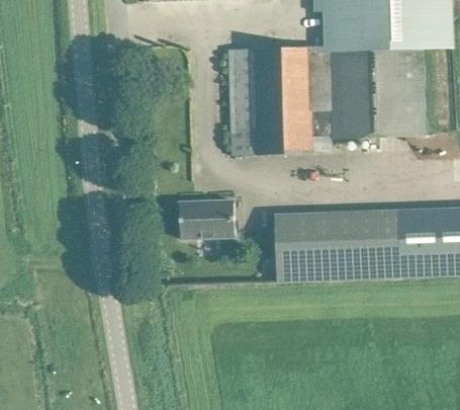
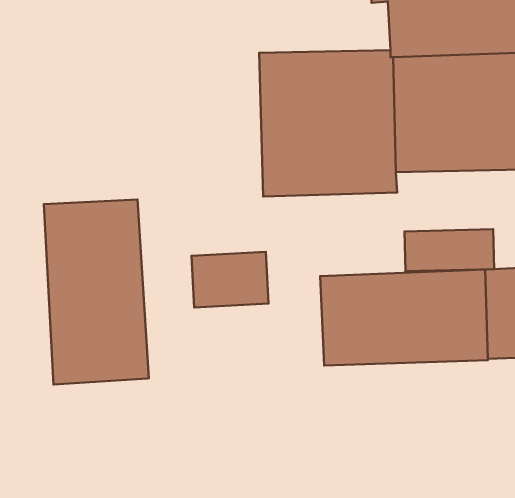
building: none -> [44,199,149,385]
building: none -> [404,229,494,271]

